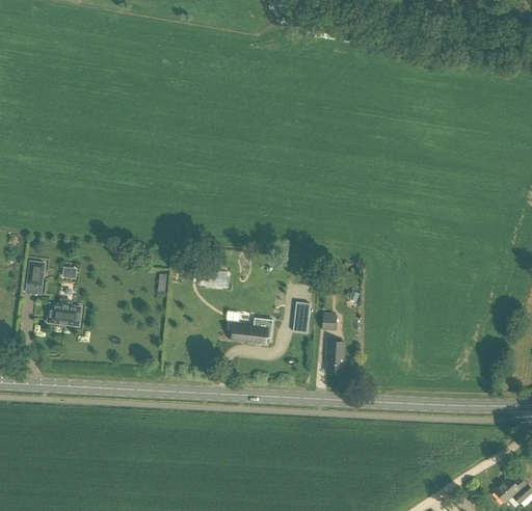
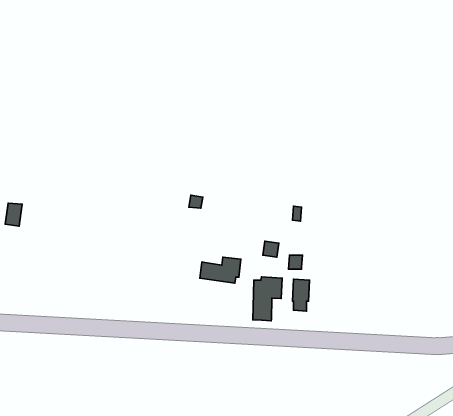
building: [47,303,81,326] -> none
building: none -> [253,277,282,321]

